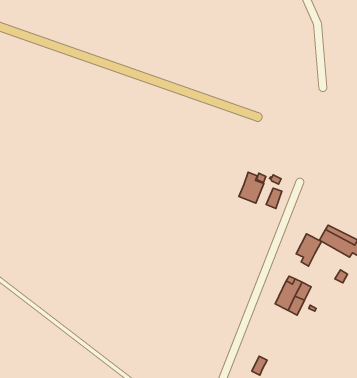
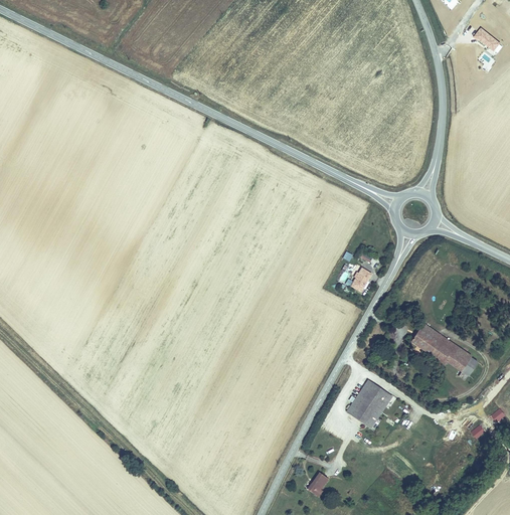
building: [239,172,264,203] -> none
building: [296,234,321,266] -> none

